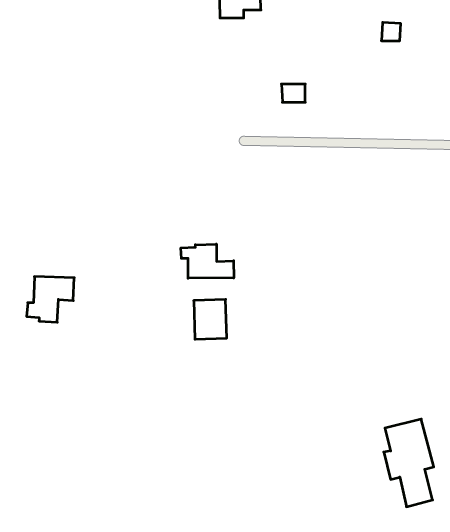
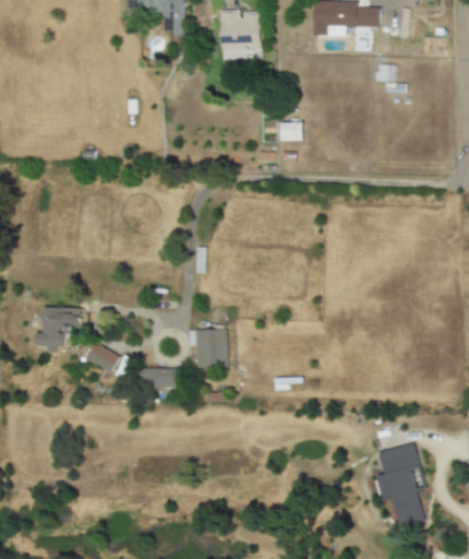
building: [181,244,234,278] -> none
building: none -> [84,341,119,371]
building: none -> [141,367,171,389]

